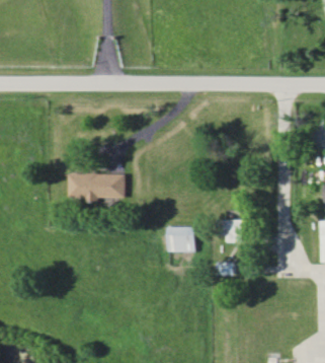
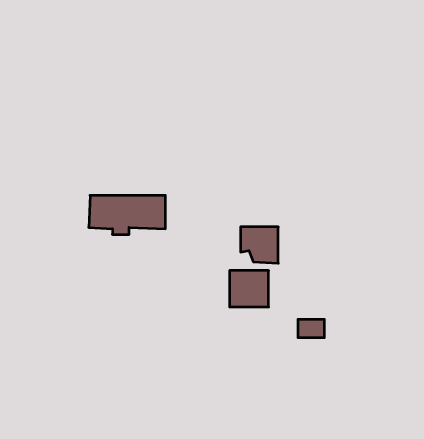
building: [219,219,246,245] -> [241,227,278,263]

